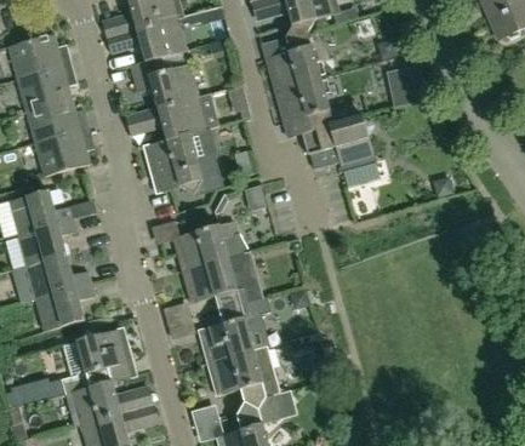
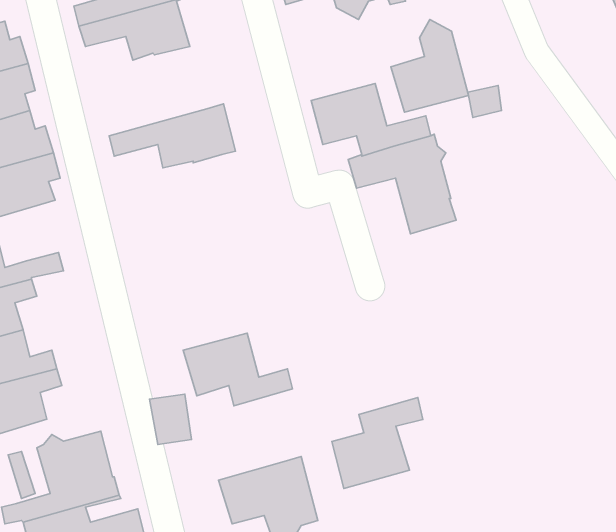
building: [264,24,320,91] -> [391,19,468,112]
building: [131,57,199,108] -> none
building: [143,130,223,194] -> none
building: [152,221,245,270] -> none
building: [199,298,264,364] -> [332,397,423,489]

